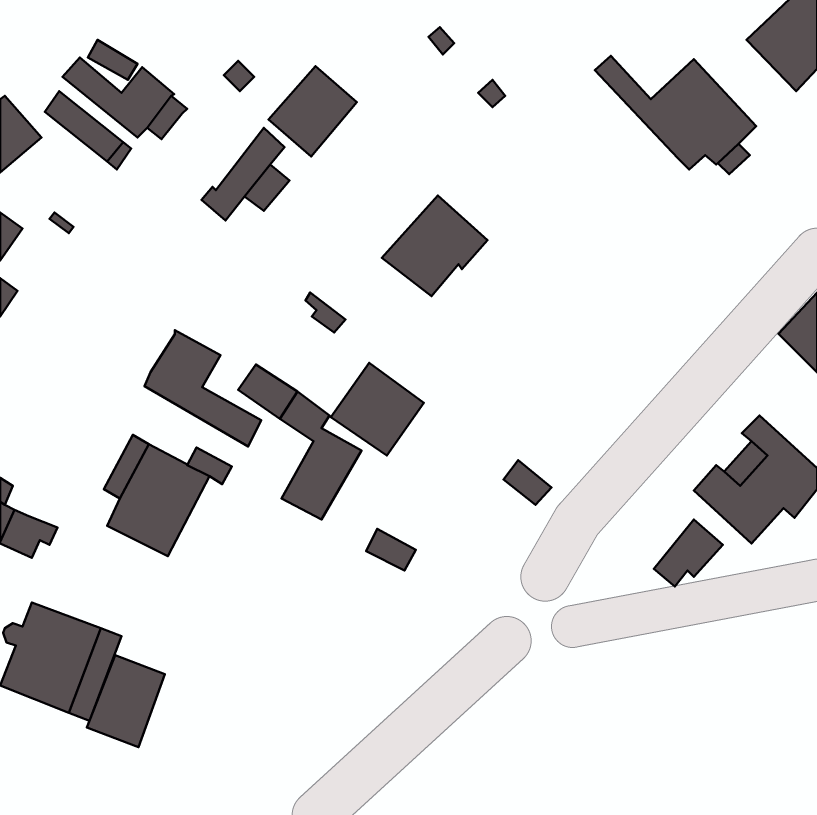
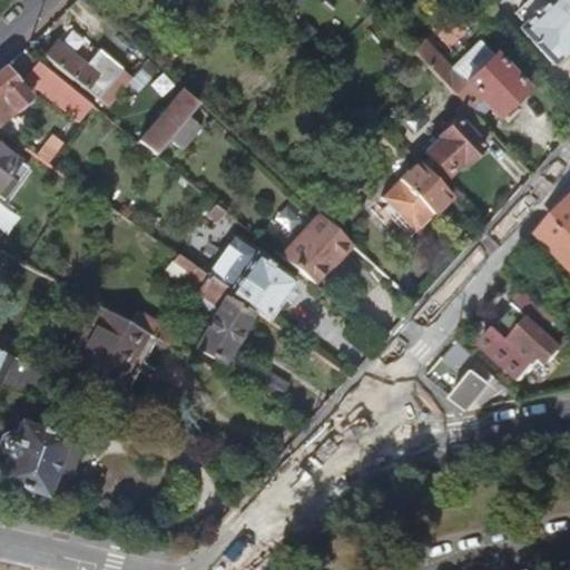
building: [268,66,357,156] -> none
building: none -> [428,110,492,175]
building: [382,196,487,296] -> [279,212,353,282]
building: none -> [383,160,453,230]
building: [144,330,261,446] -> none
building: none -> [207,236,257,291]
building: [87,655,165,747] -> none

